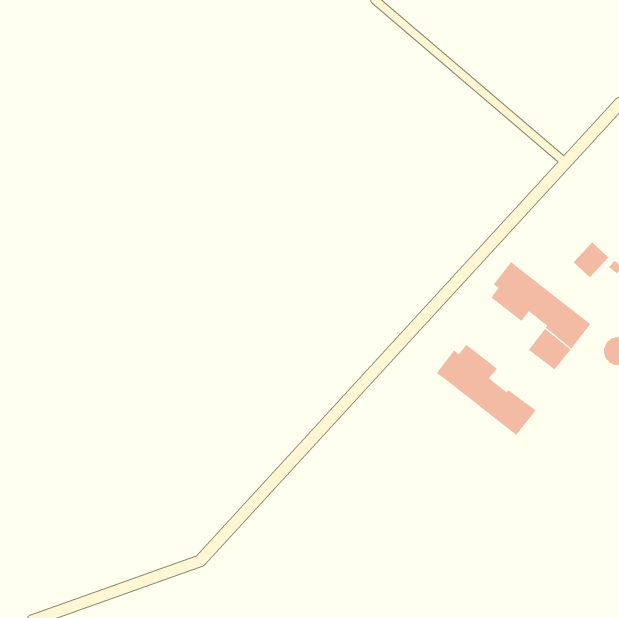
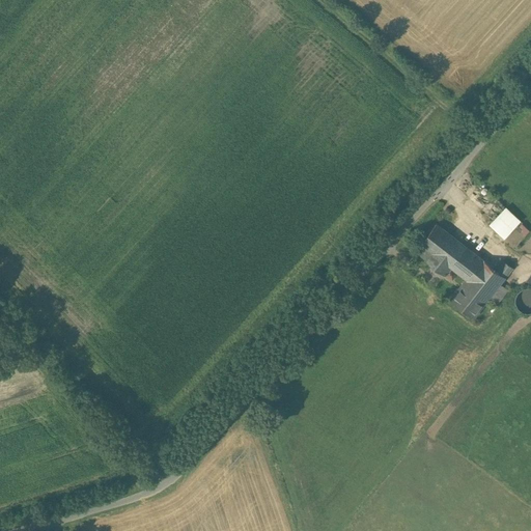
building: [436,344,537,436] -> none

